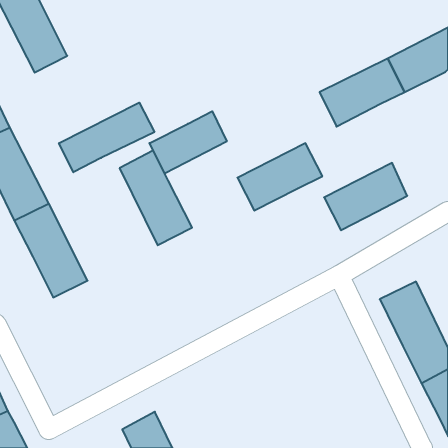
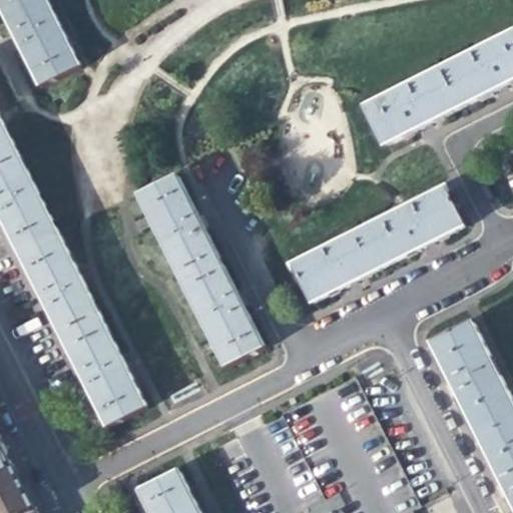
building: [59,103,154,172] -> none
building: [149,111,227,174] -> none
building: [237,143,322,211] -> [290,223,386,300]
building: none -> [178,258,262,365]
building: none -> [60,318,143,425]

